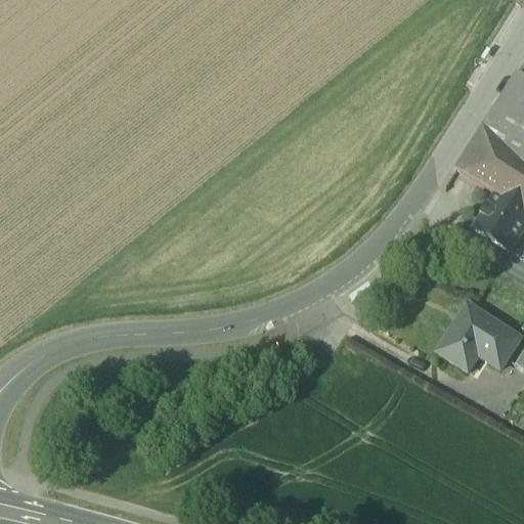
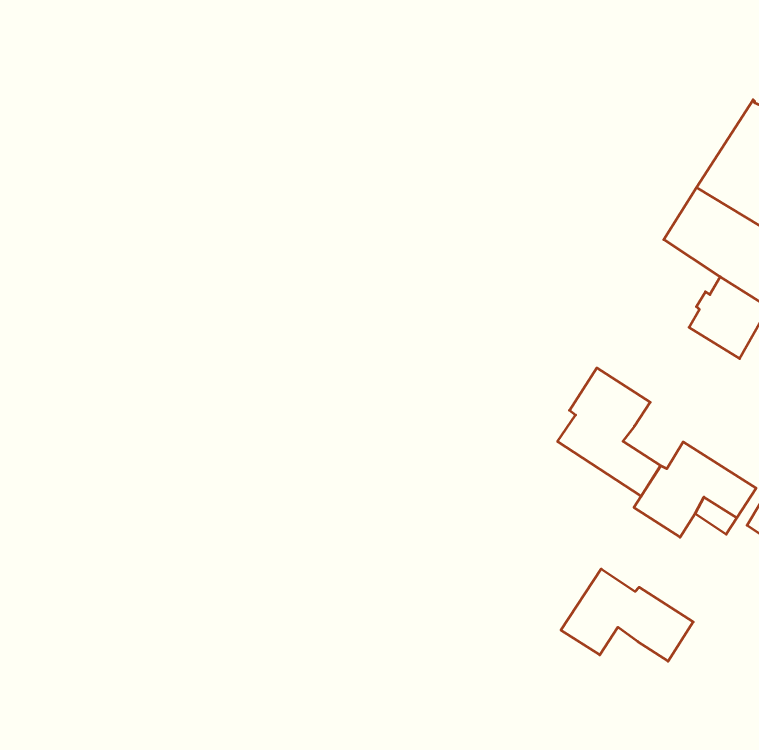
building: none -> [558,368,661,496]
building: none -> [561,569,693,661]

